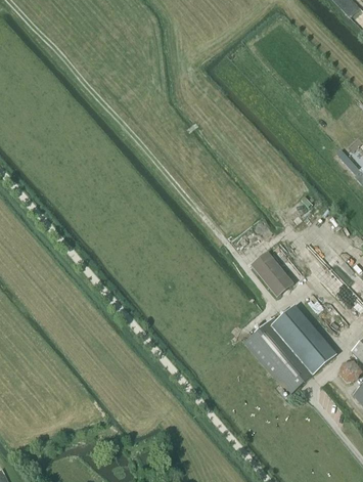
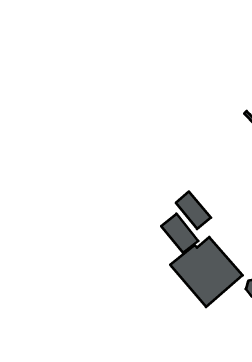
building: none -> [161,214,198,253]

